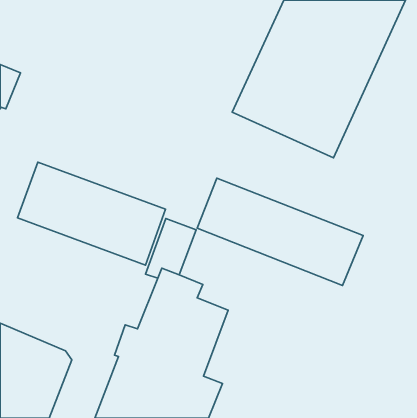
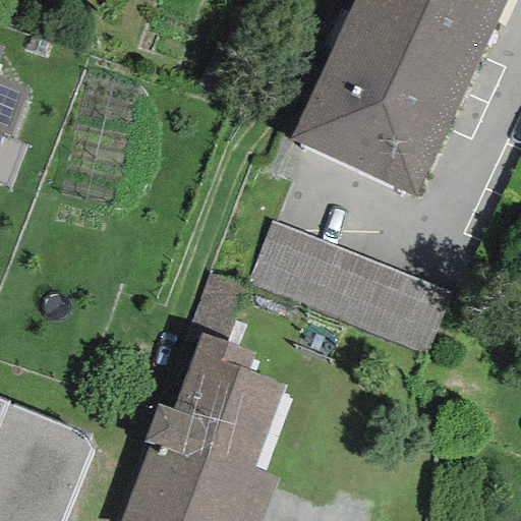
building: [18,162,165,265] -> none

